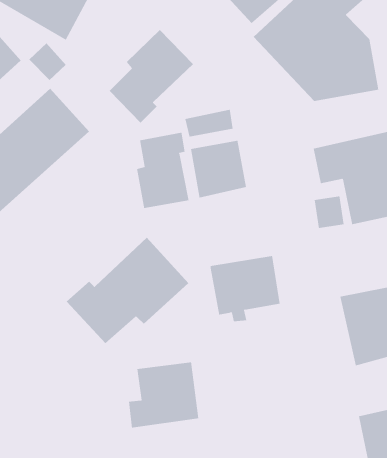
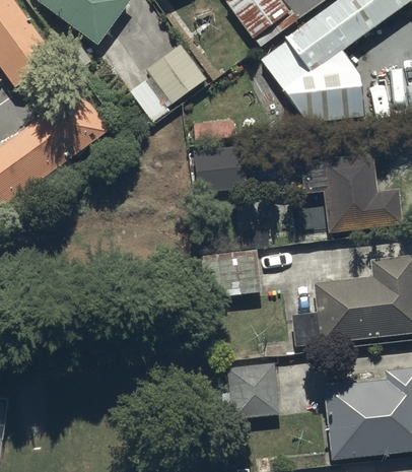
building: [136,132,189,209] -> none
building: [66,237,189,344] -> none
building: [128,362,199,428] -> [218,364,278,416]

